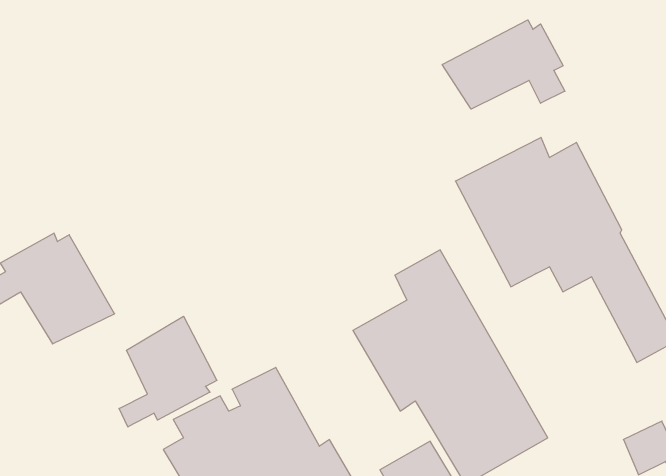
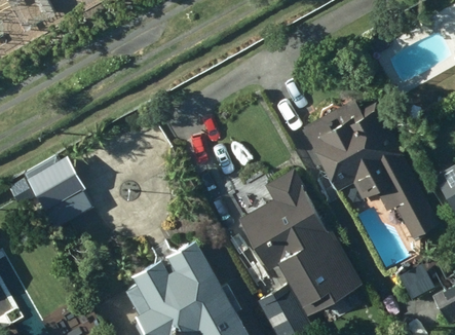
building: [442,20,565,109] -> none
building: [119,316,217,427] -> none

